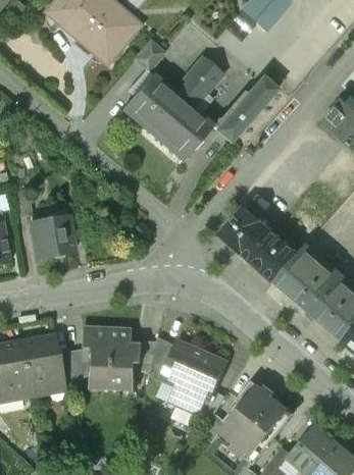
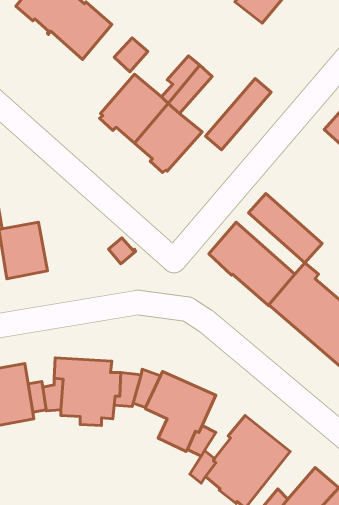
building: none -> [249,194,322,263]

